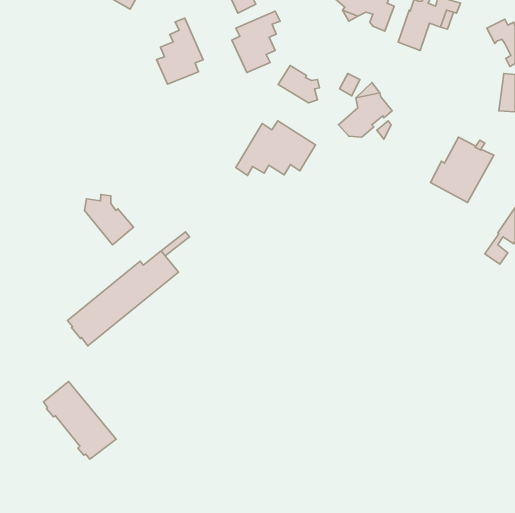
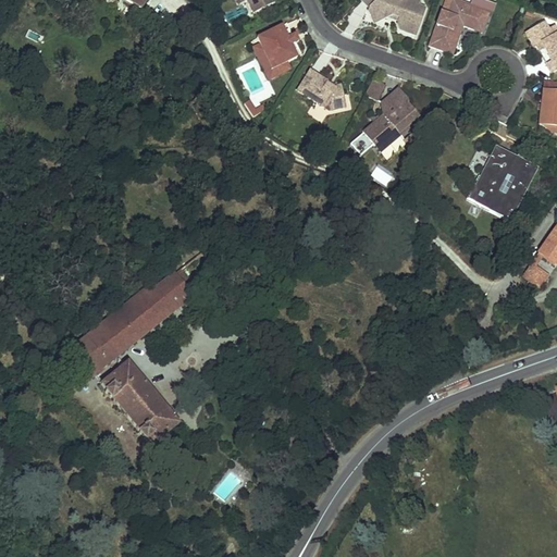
building: [157,18,203,84] -> none
building: [236,121,315,176] -> none
building: [85,195,133,245] -> none
building: [43,382,116,459] -> [102,359,181,443]

